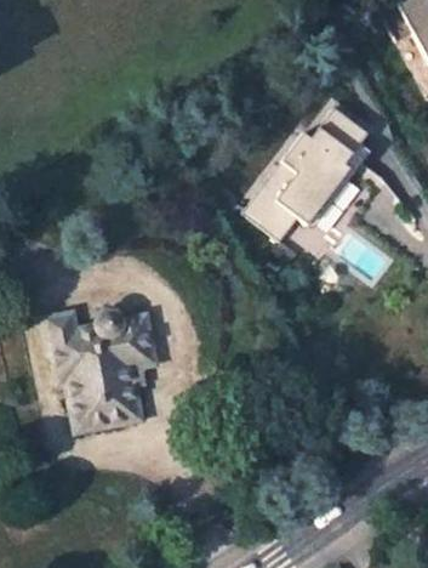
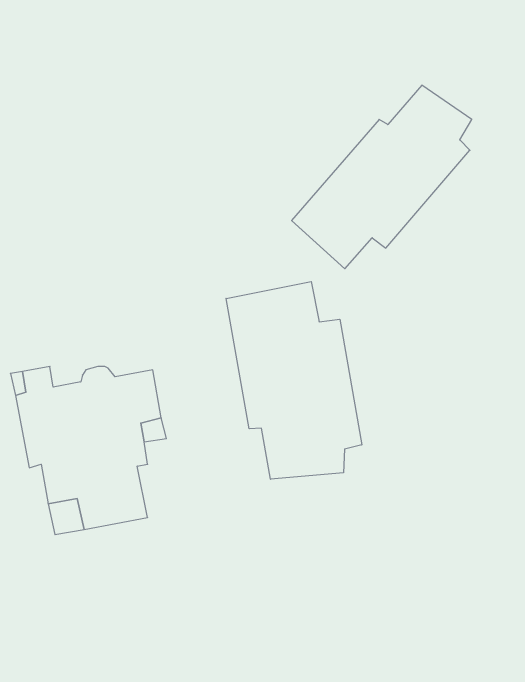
building: none -> [226,282,362,479]

